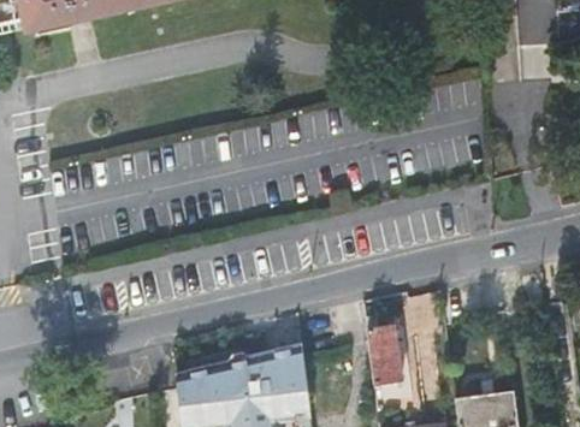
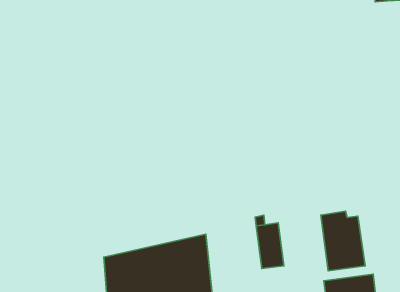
building: none -> [321,211,365,271]

